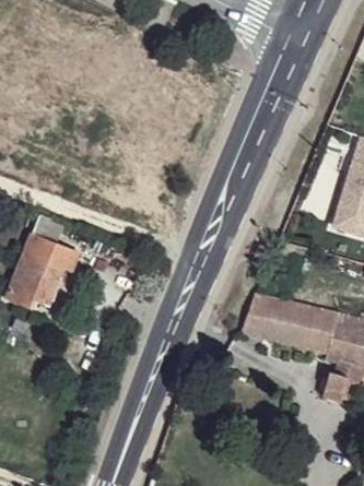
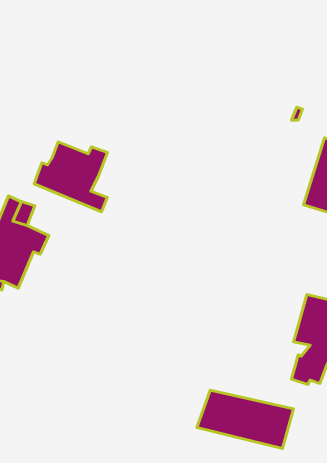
building: none -> [34,142,107,212]
building: [242,294,338,352] -> [197,390,294,448]

